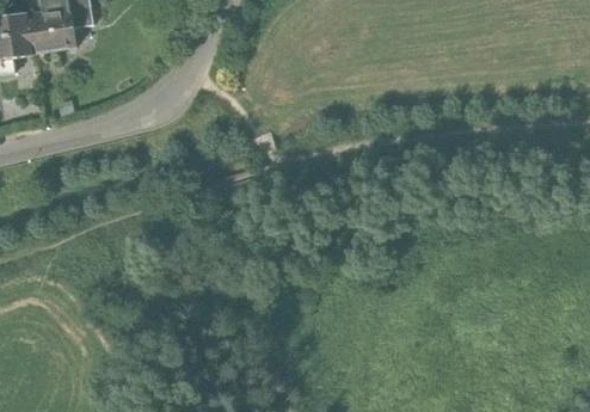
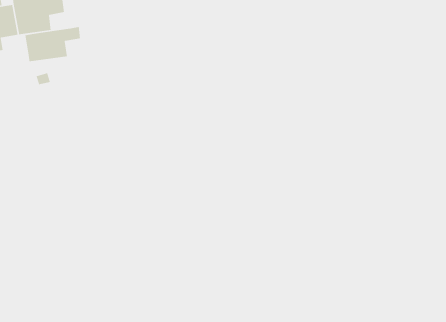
building: none -> [25,26,81,62]

